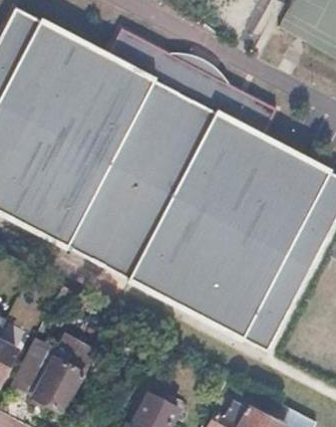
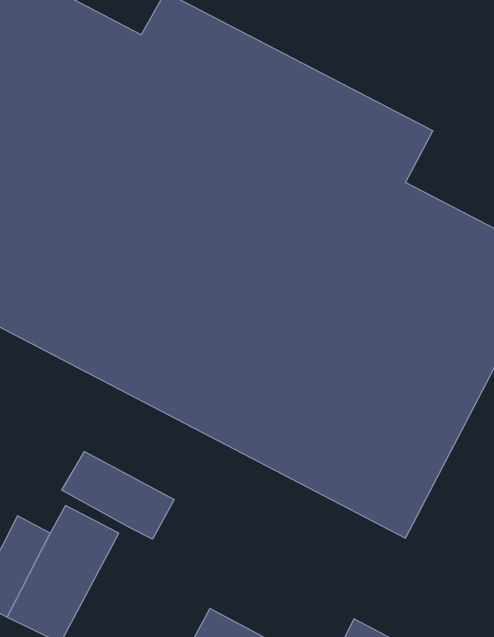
building: none -> [62,452,174,539]

